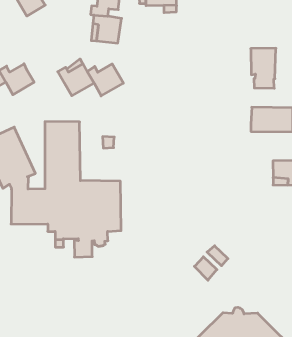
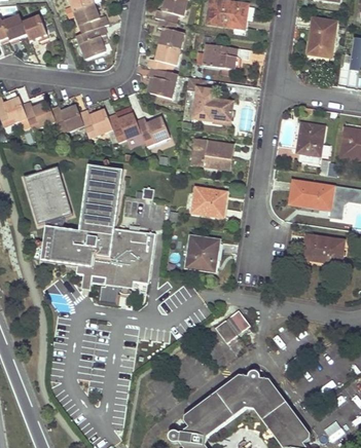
building: none -> [187,76,232,120]
building: none -> [78,109,113,138]
building: none -> [192,139,232,169]
building: none -> [192,187,226,217]
building: none -> [186,235,217,270]

